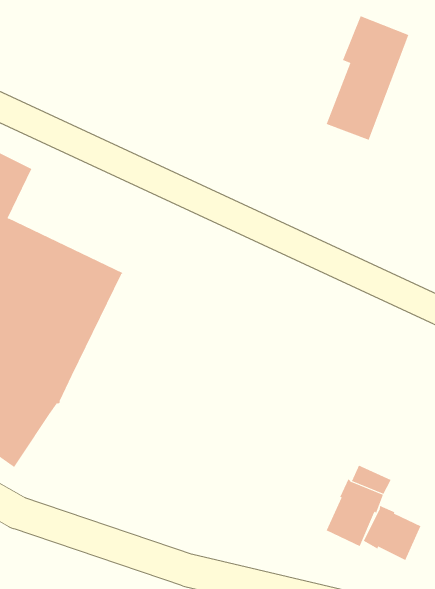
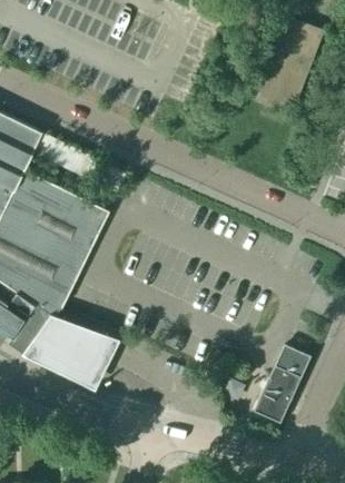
building: none -> [30,309,122,385]
building: [363,505,421,561] -> none

